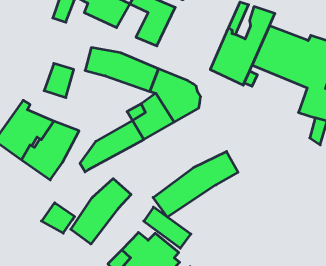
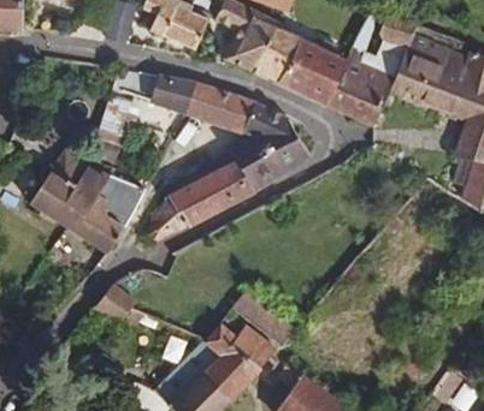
building: none -> [249,17,346,102]
building: [153,151,238,217] -> none
building: [71,179,131,244] -> none

